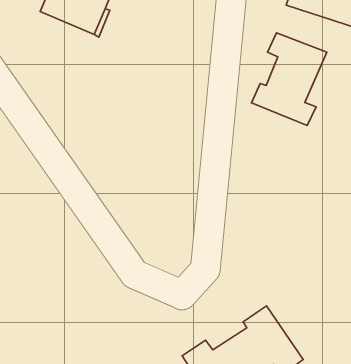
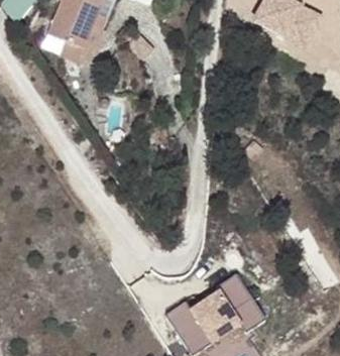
building: [251,33,327,125] -> none

